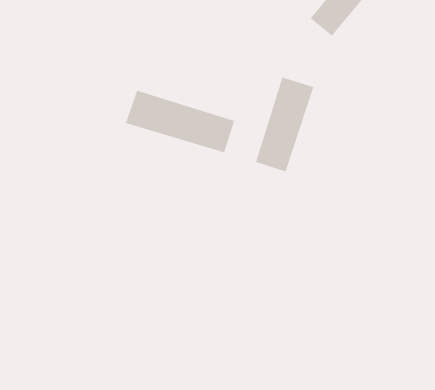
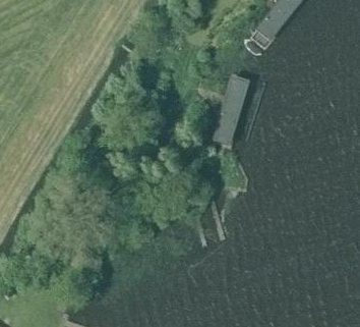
building: [125,90,235,153] -> none

